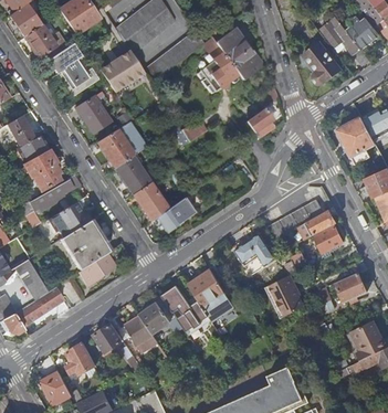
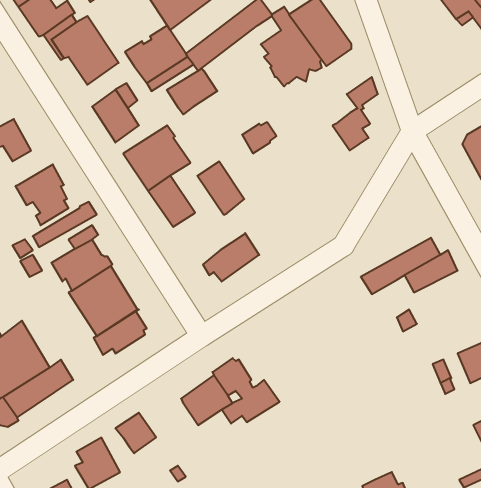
building: [303,42,340,84] -> none
building: none -> [167,68,217,114]
building: [17,136,49,163] -> none
building: [134,183,167,221] -> [197,162,244,215]
building: [314,227,342,255] -> none
building: [234,234,276,266] -> none
building: [188,269,233,321] -> none
building: [266,275,303,317] -> none
building: [125,317,158,353] -> none

